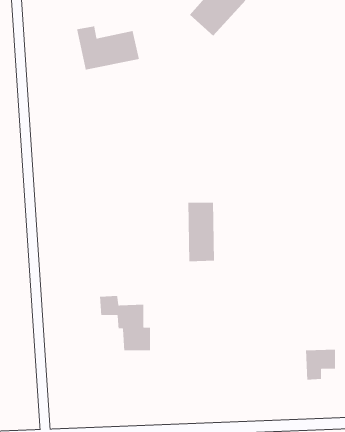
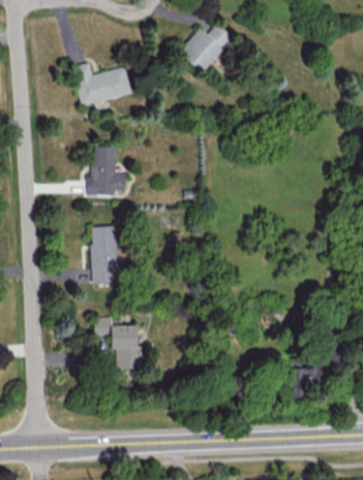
building: none -> [91,146,126,195]
building: [187,202,215,262] -> [91,226,117,283]

